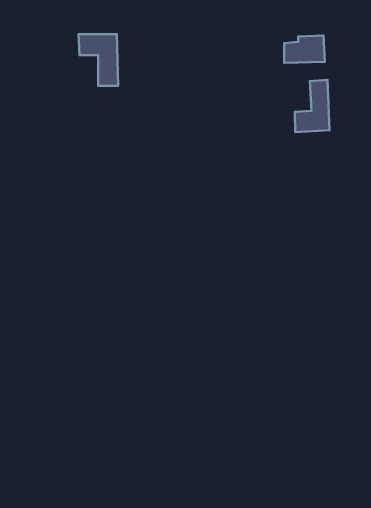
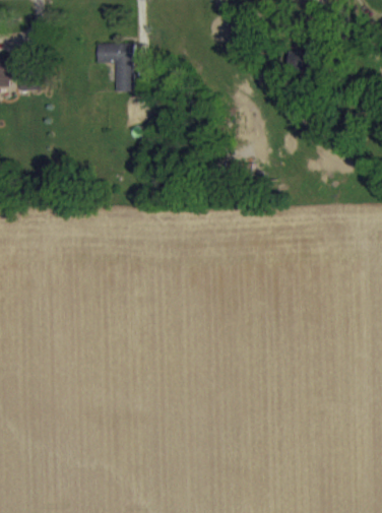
building: [295,80,330,132] -> none

